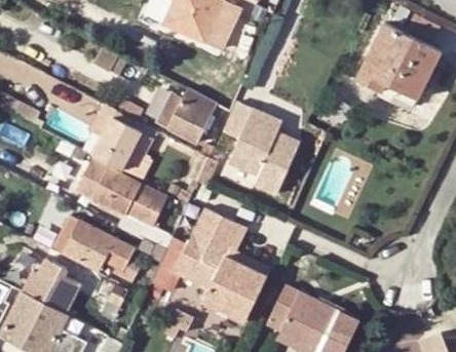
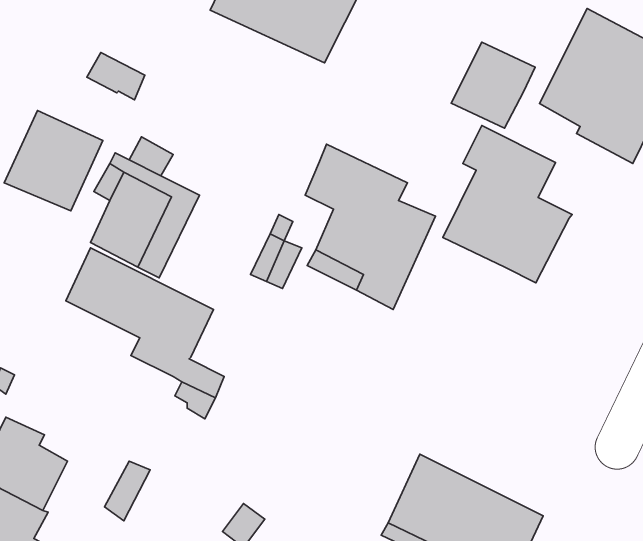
building: none -> [451,42,535,128]
building: none -> [443,125,572,283]
building: [158,90,217,143] -> none
building: [173,207,267,321] -> none
building: [55,214,141,282] -> none

